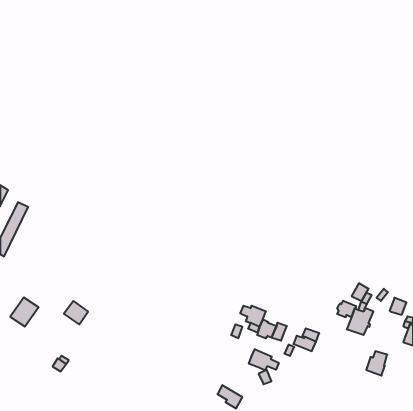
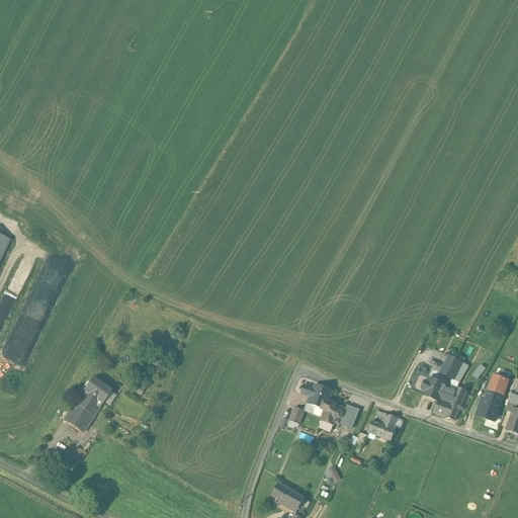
building: [10,297,39,327] -> [64,394,99,430]
building: [249,349,279,371] -> none
building: [366,351,387,376] -> [478,390,504,420]

